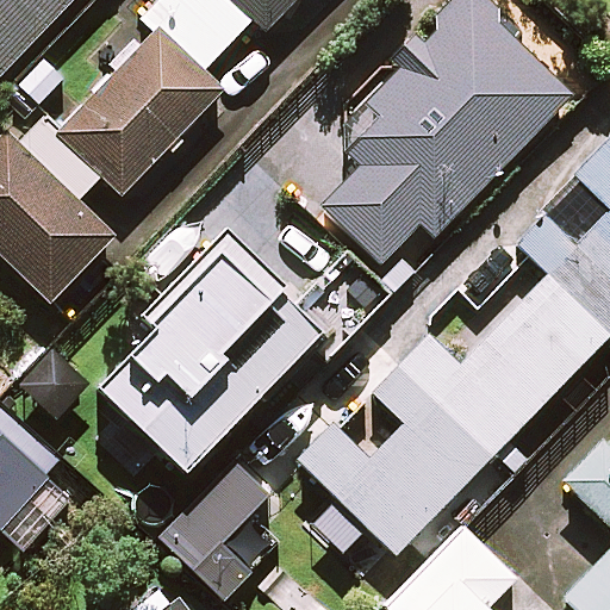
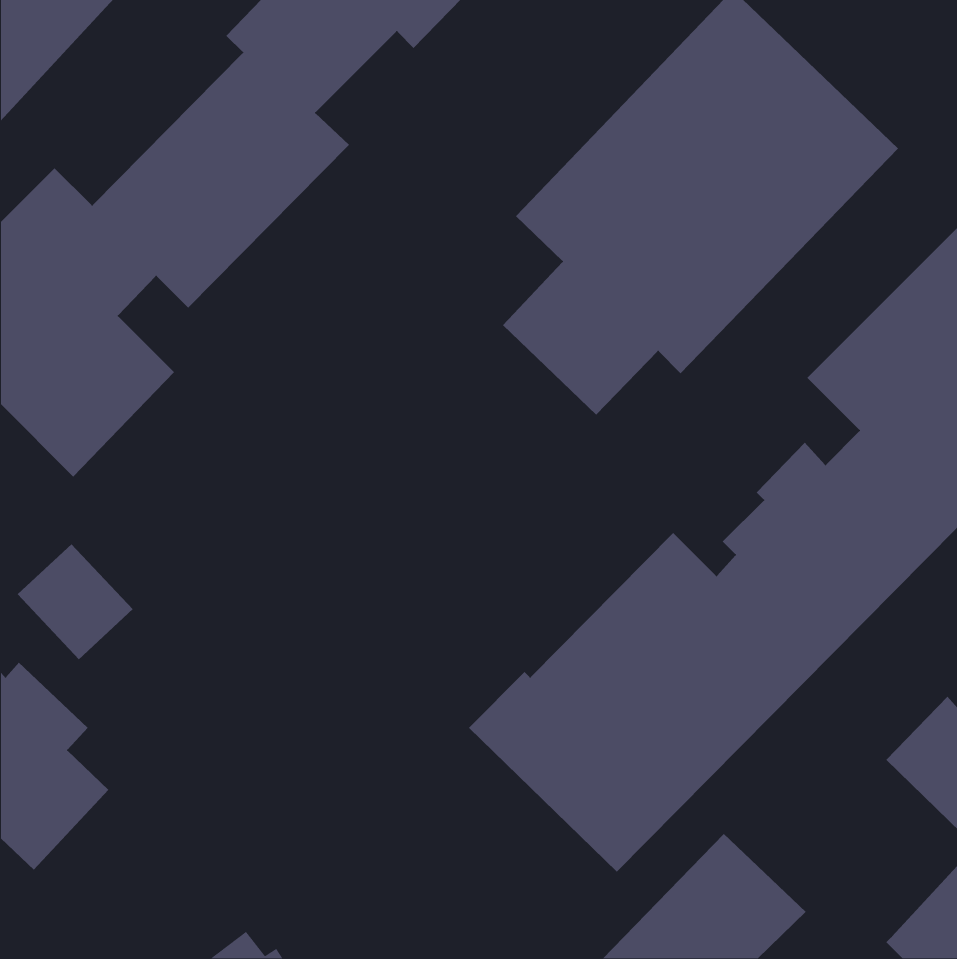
building: [98,236,322,471] -> none
building: [161,461,286,598] -> none

